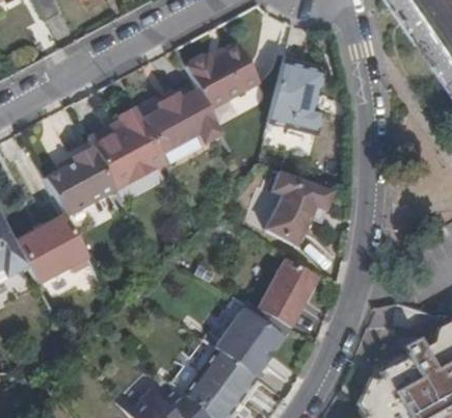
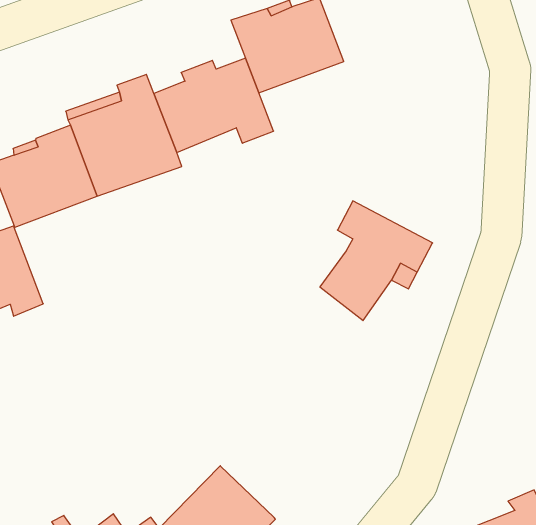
building: [264,63,320,136] -> none
building: [255,259,315,330] -> none
building: [213,310,282,378] -> none

